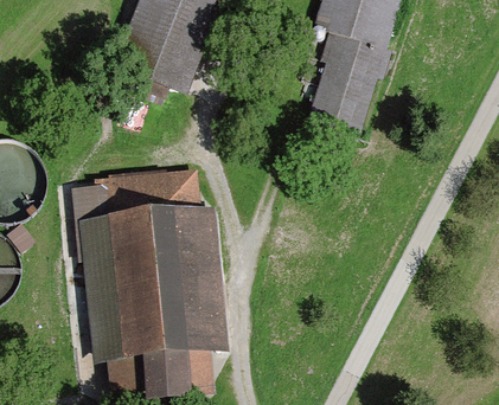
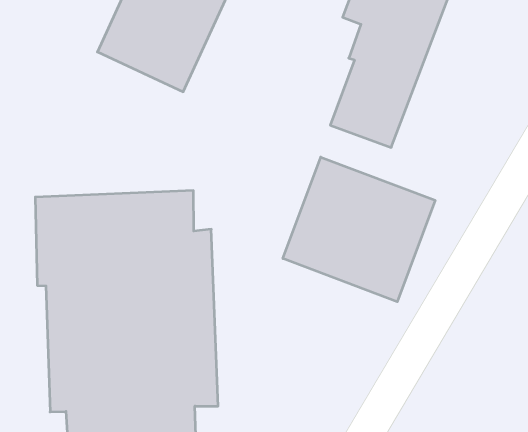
building: none -> [283,157,435,302]

